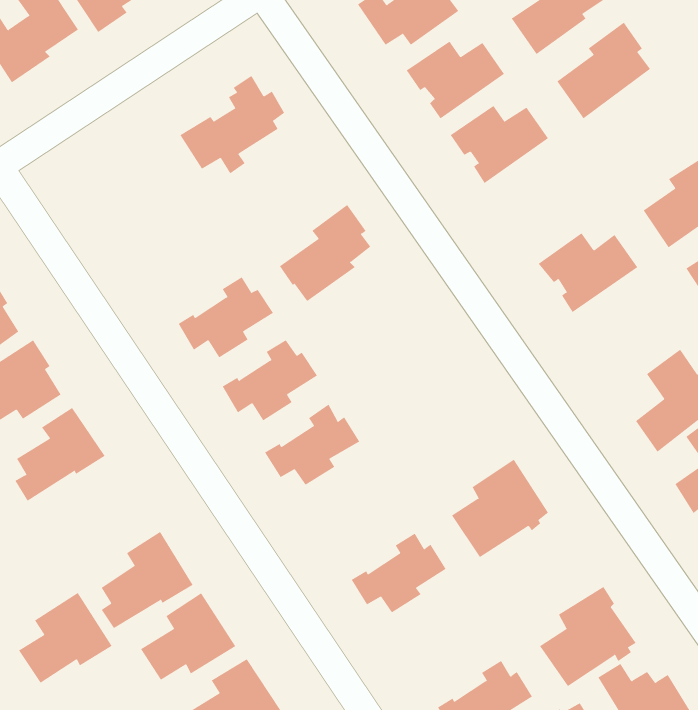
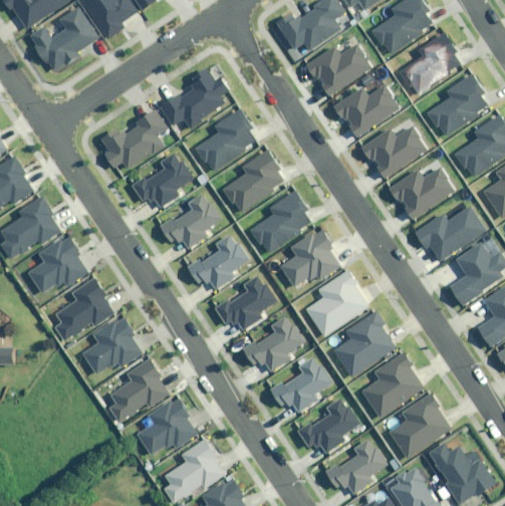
building: none -> [427,74,487,137]
building: none -> [102,108,171,169]
building: none -> [198,110,252,172]
building: none -> [361,128,425,178]
building: none -> [132,154,193,206]
building: none -> [251,190,311,252]
building: none -> [418,207,485,258]
building: none -> [280,231,336,285]
building: none -> [307,271,370,335]
building: none -> [243,317,304,369]
building: none -> [363,351,425,417]
building: [18,592,113,683] -> [82,315,143,373]
building: none -> [298,400,359,451]

